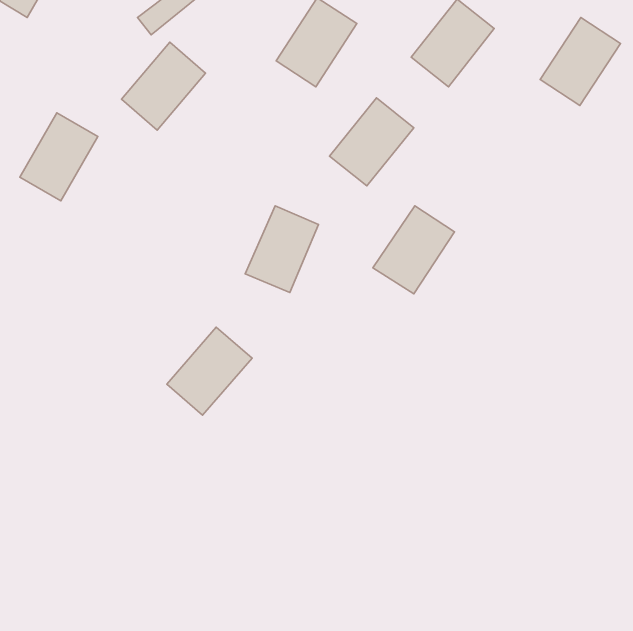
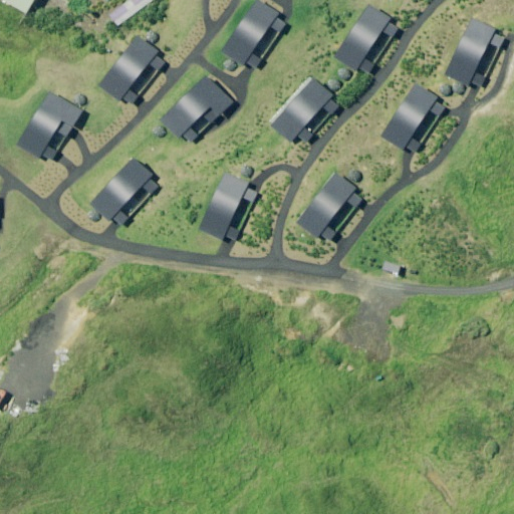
building: none -> [162,76,232,146]
building: none -> [381,79,447,151]
building: [167,327,252,415] -> [88,159,158,230]

